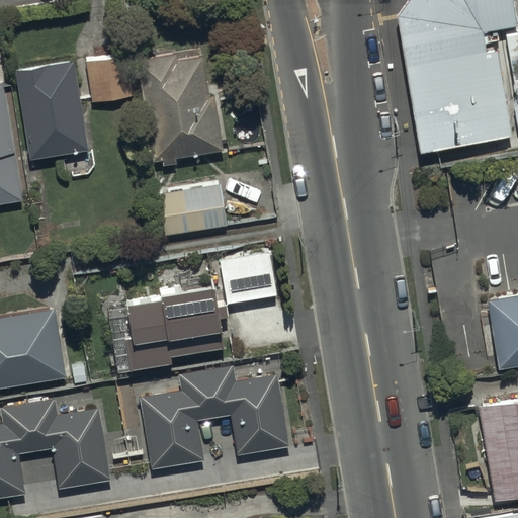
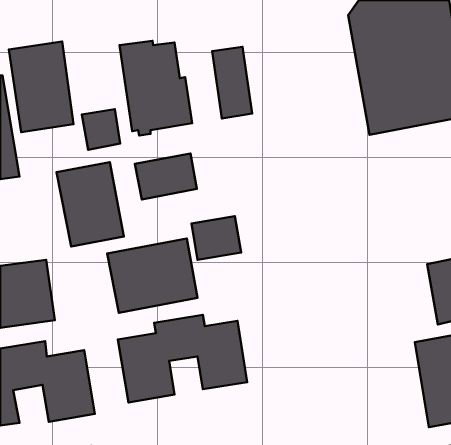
building: [86,56,130,102] -> [82,109,120,150]
building: none -> [212,47,252,119]
building: none -> [56,162,124,246]

